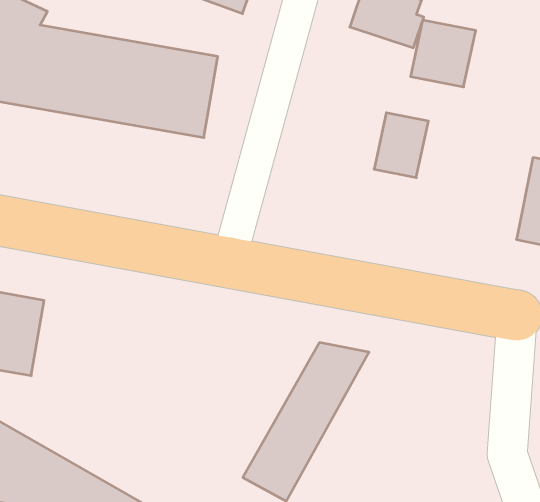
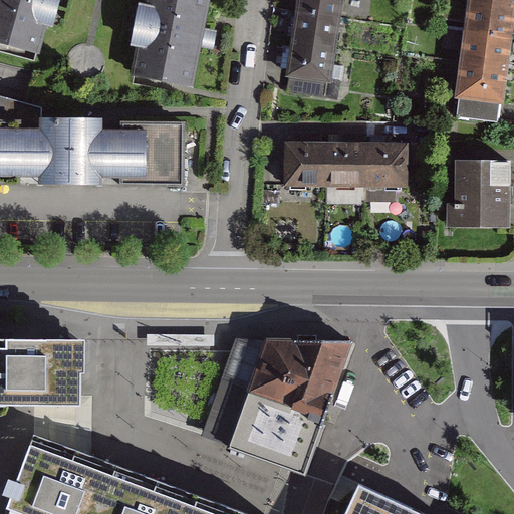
building: [411,20,476,87] -> [360,146,407,194]
building: none -> [282,143,327,192]
building: none -> [198,339,305,459]

